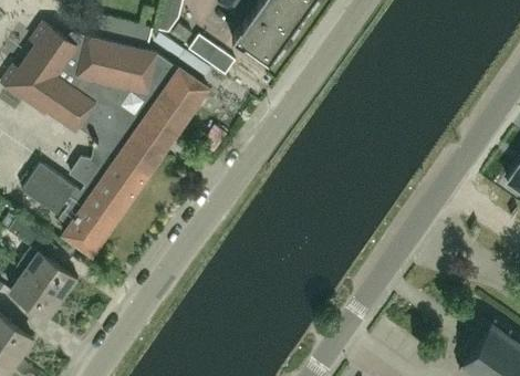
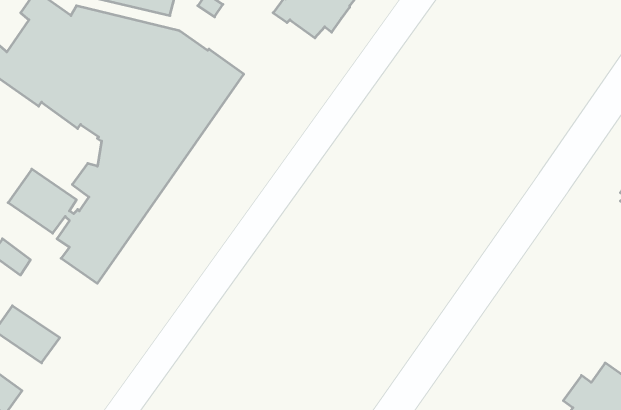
building: [188,35,235,76] -> none
building: [24,252,75,297] -> none

